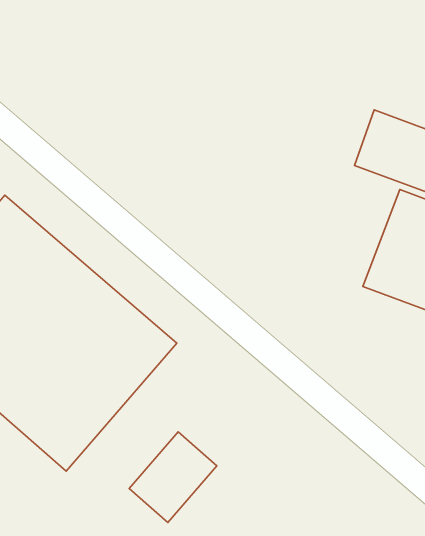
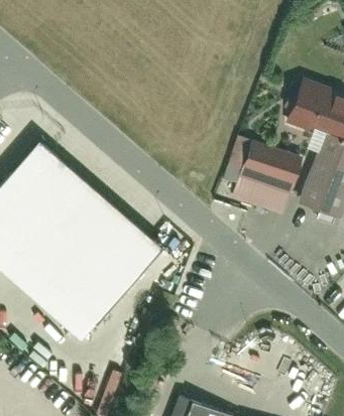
building: none -> [230,142,303,224]
building: [129,432,217,523] -> none

